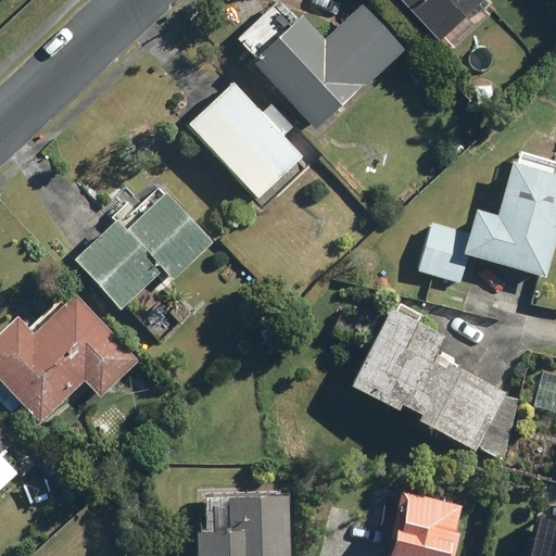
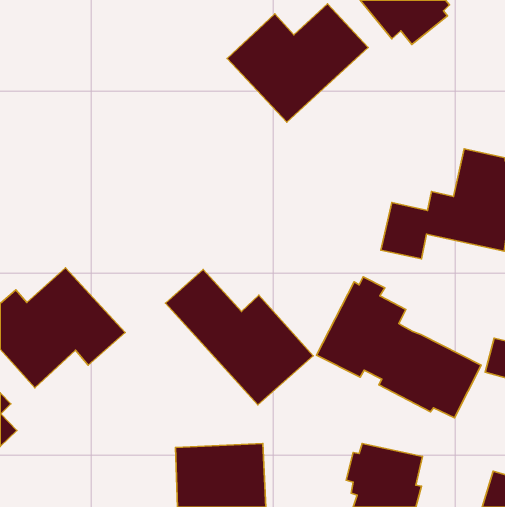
building: [188,81,303,199] -> none
building: [75,189,214,317] -> none
building: none -> [165,269,313,405]

